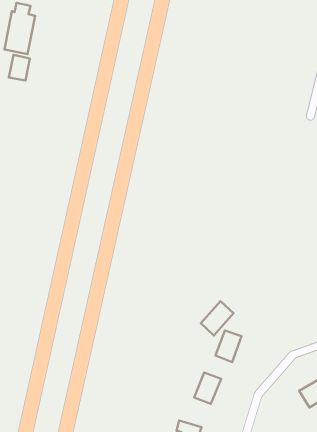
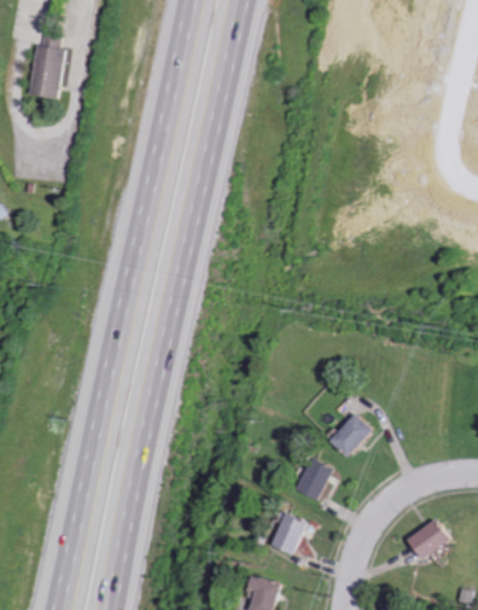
building: [9,55,30,80] -> none
building: [201,301,233,335] -> [332,413,374,458]

